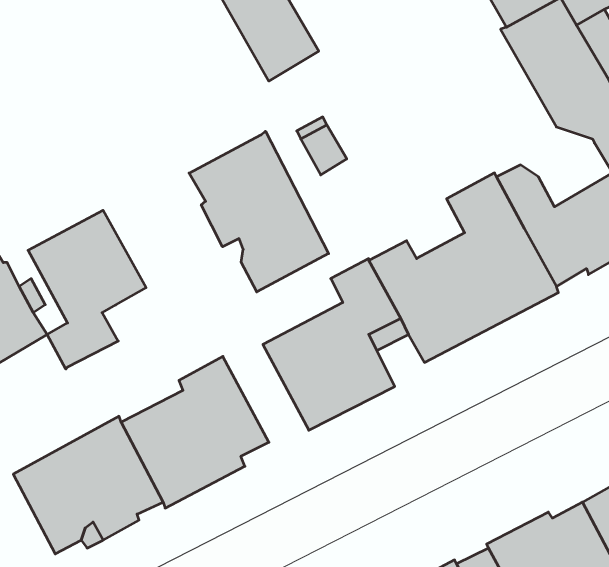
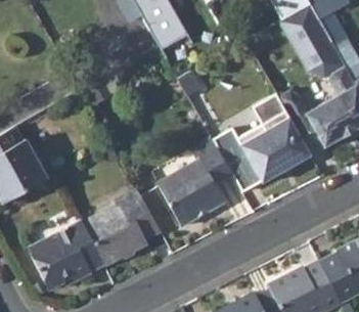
building: [189,131,329,292] -> none
building: [28,210,146,369] -> none

